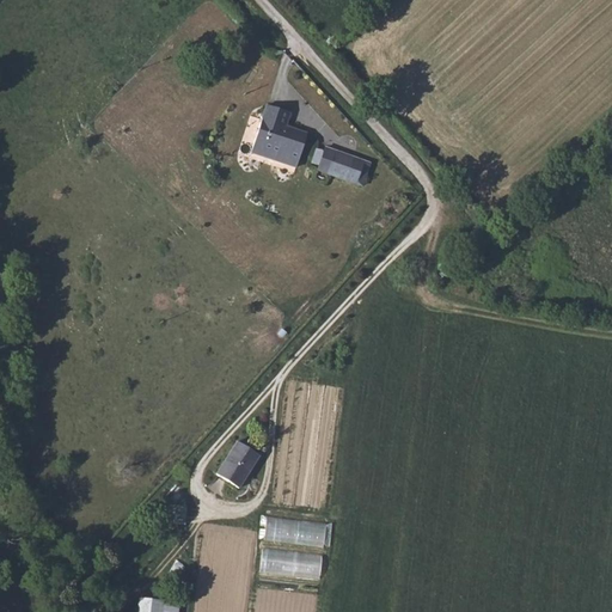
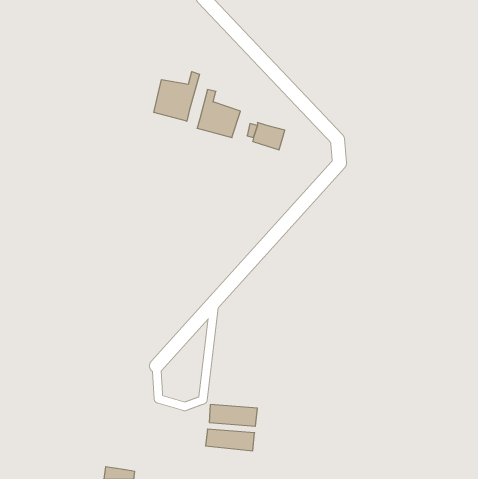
building: none -> [154,72,199,121]
building: [216,442,259,488] -> none

